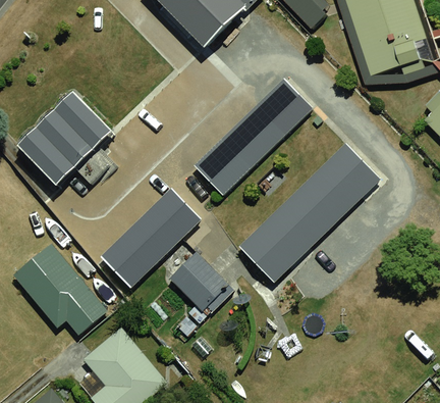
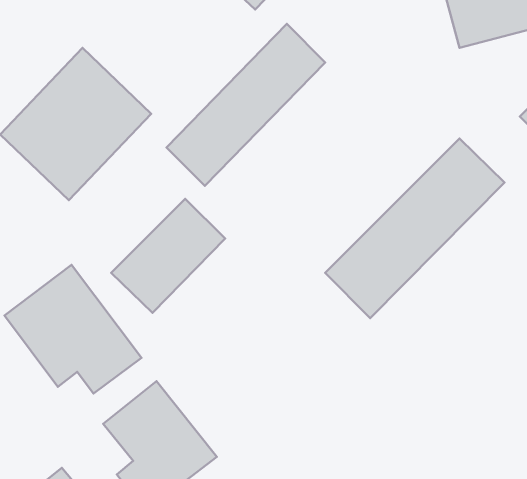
building: [198,78,316,198] -> [166,24,325,186]
building: [168,245,229,304] -> none

